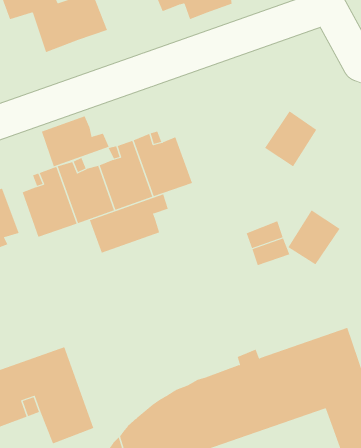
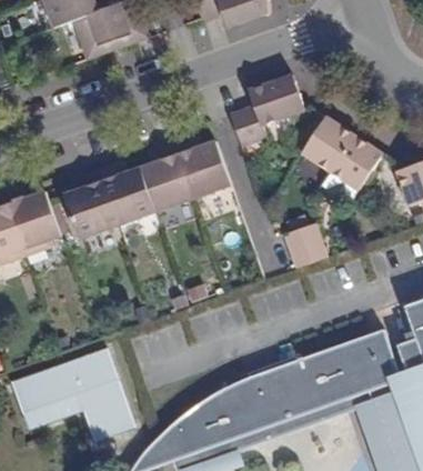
building: none -> [229,74,305,147]
building: [41,115,109,167] -> none
building: [89,193,169,254] -> none
building: [287,210,341,265] -> [330,134,382,189]

